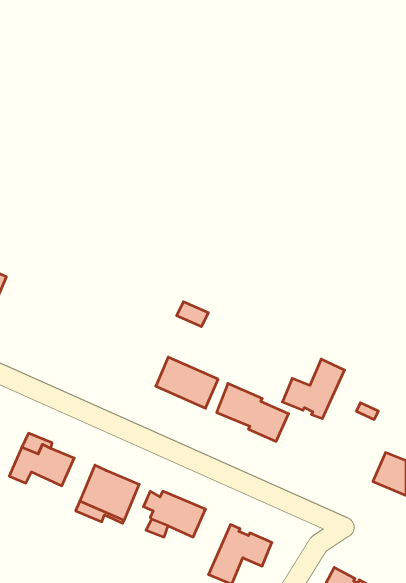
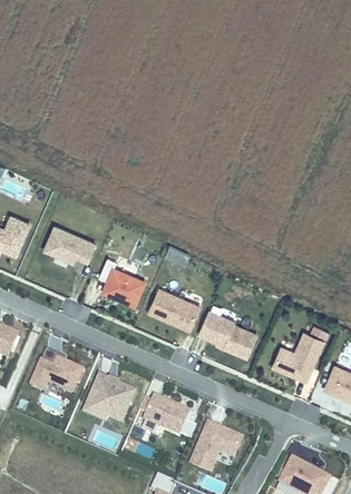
building: none -> [43,225,95,260]
building: none -> [98,256,143,304]
building: [282,359,345,419] -> [272,330,322,378]

